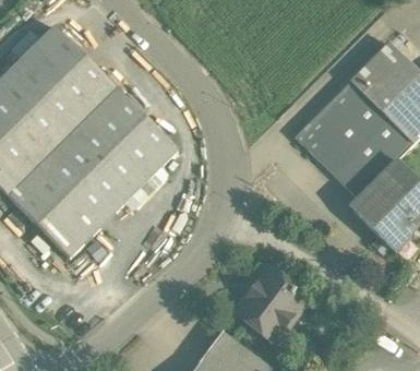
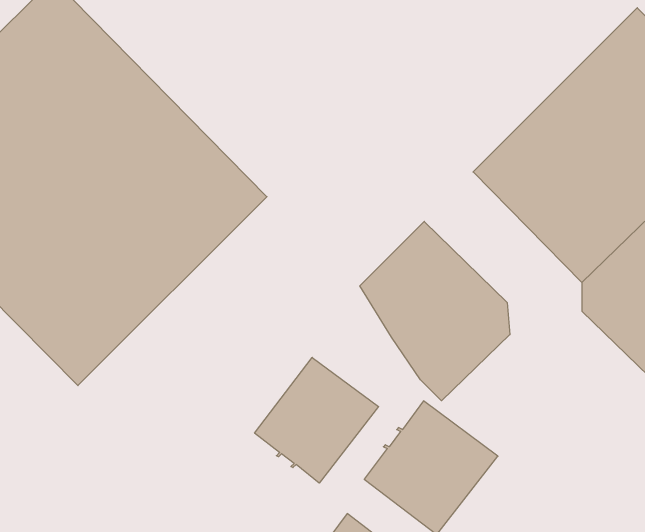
building: none -> [360,221,510,401]
building: none -> [255,357,379,483]

